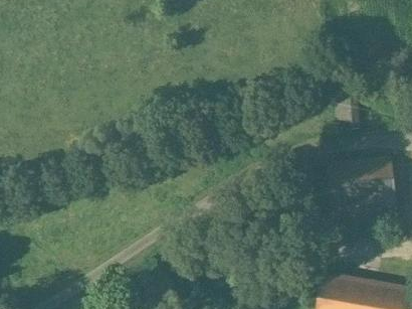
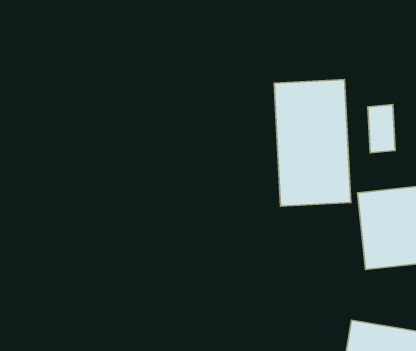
building: none -> [274,80,351,206]

